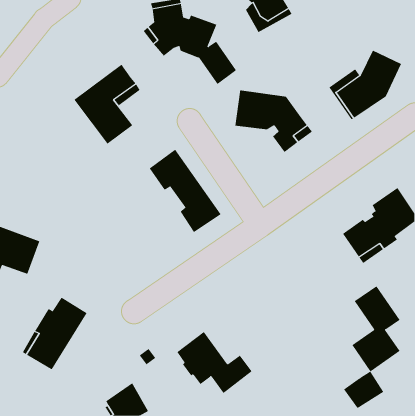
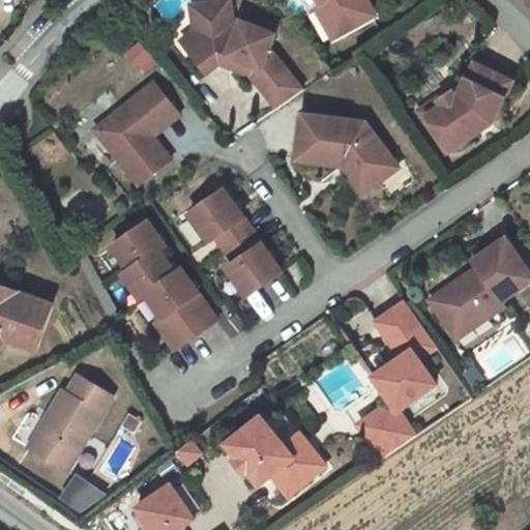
building: none -> [109,219,215,349]
building: [343,286,400,409] -> [362,301,435,458]
building: none -> [60,472,101,512]

